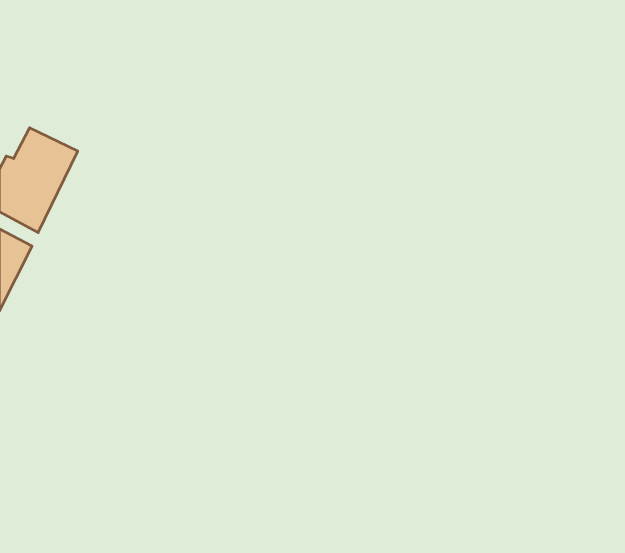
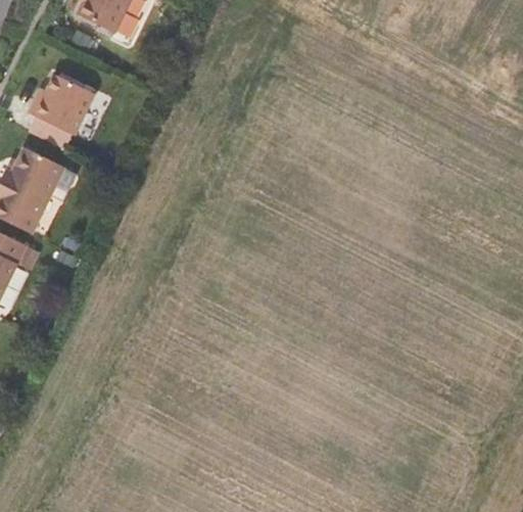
building: none -> [31,75,96,135]

